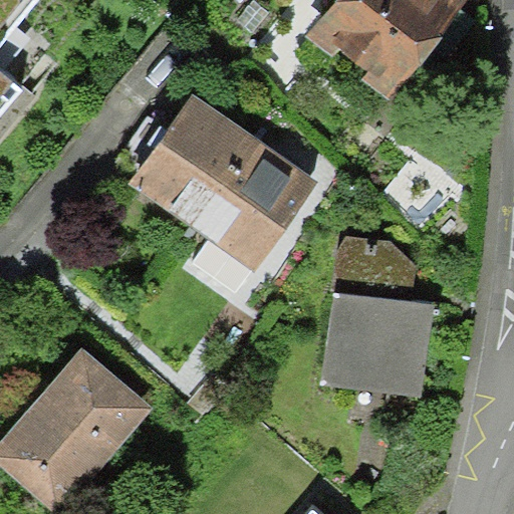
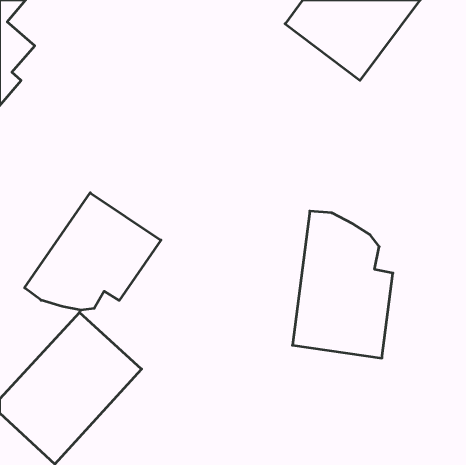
building: [131,96,306,290] -> none
building: none -> [25,193,161,310]

